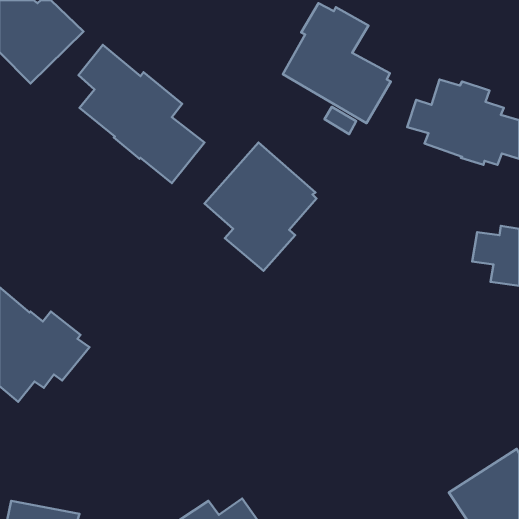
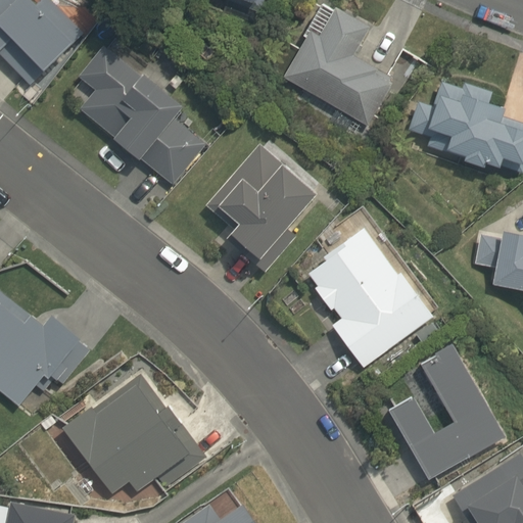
building: none -> [307,228,433,368]
building: none -> [388,344,505,479]
building: none -> [62,373,206,493]

